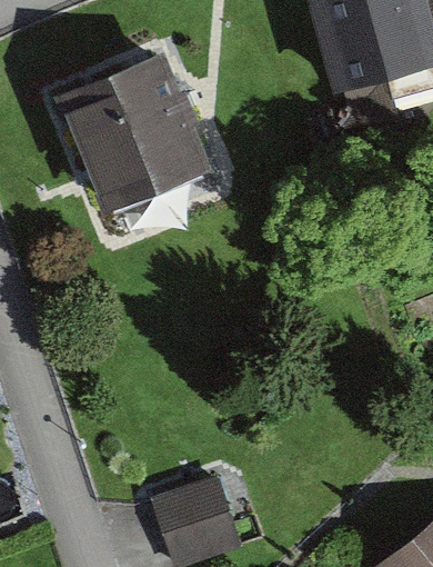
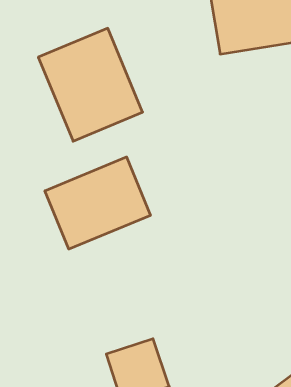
building: none -> [45,157,150,249]

